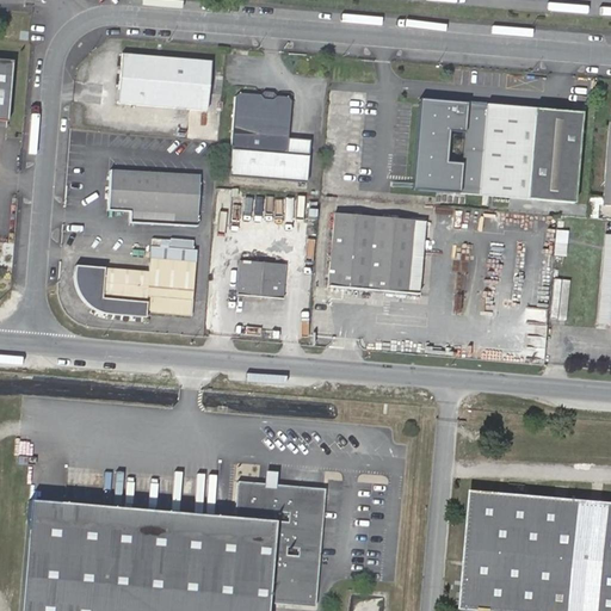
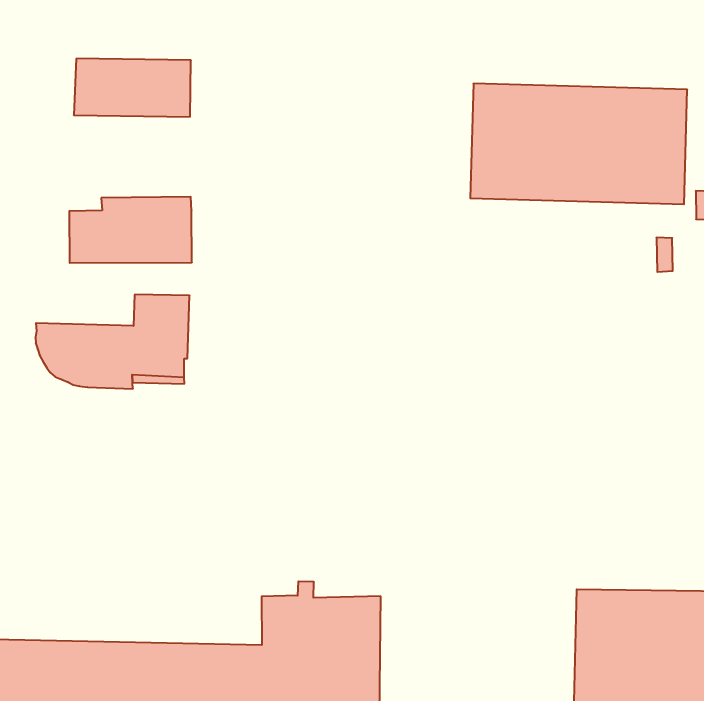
building: [229,92,311,181] -> none
building: [329,216,427,295] -> none
building: [242,258,290,297] -> none

